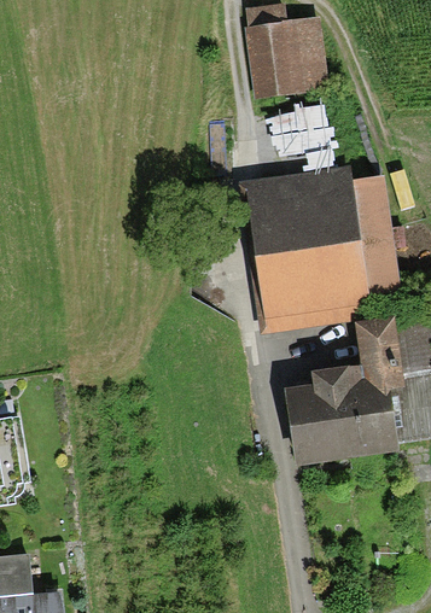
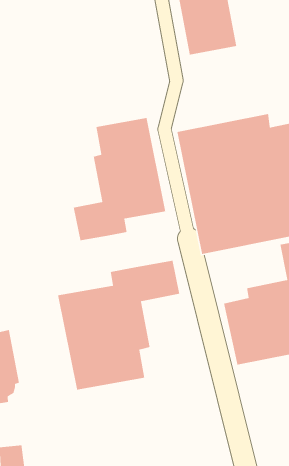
building: none -> [73,117,166,241]
building: none -> [57,260,180,391]

